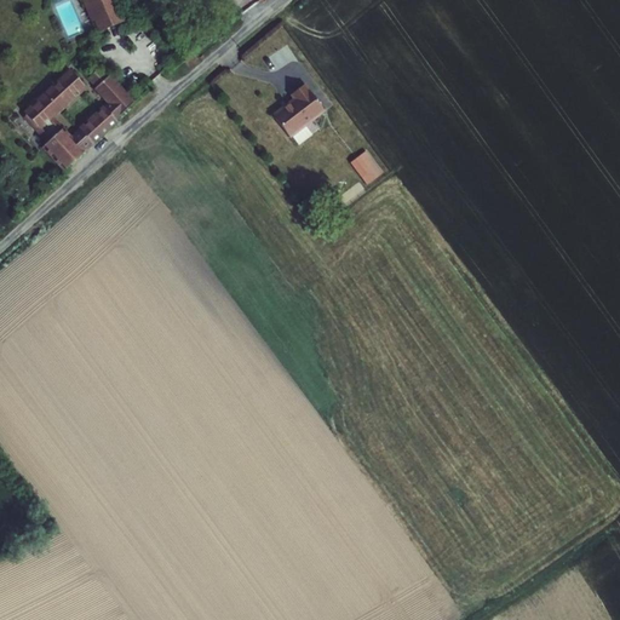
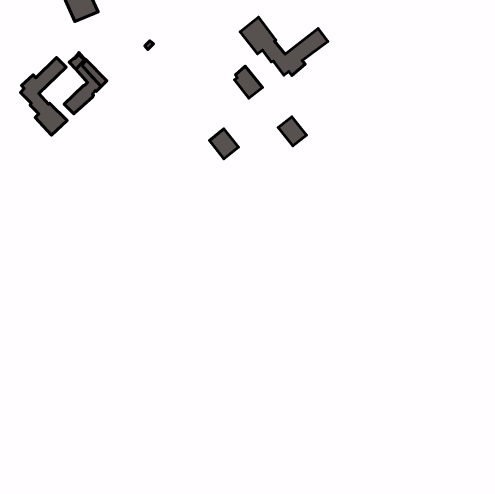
building: none -> [240,17,328,75]
building: [274,99,310,137] -> [209,129,239,159]

